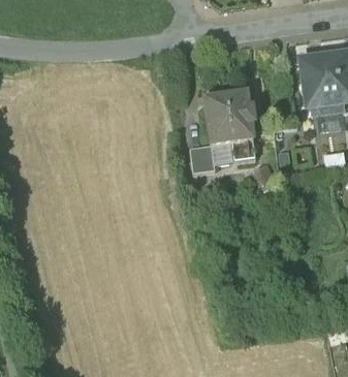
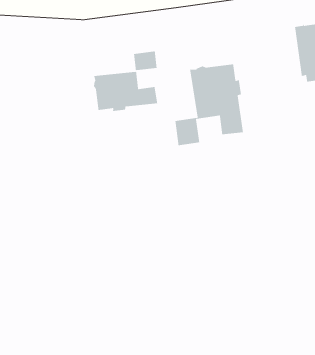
building: none -> [93,51,158,112]

